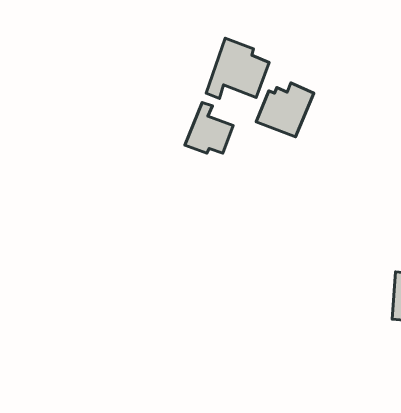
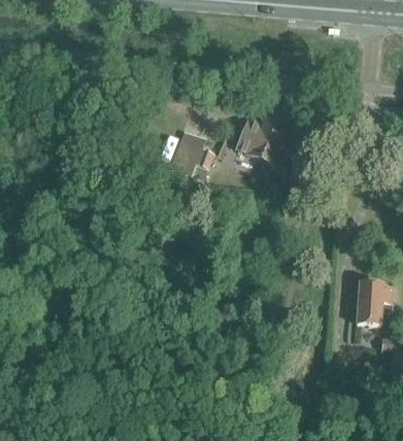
building: [206,38,269,99] -> none

